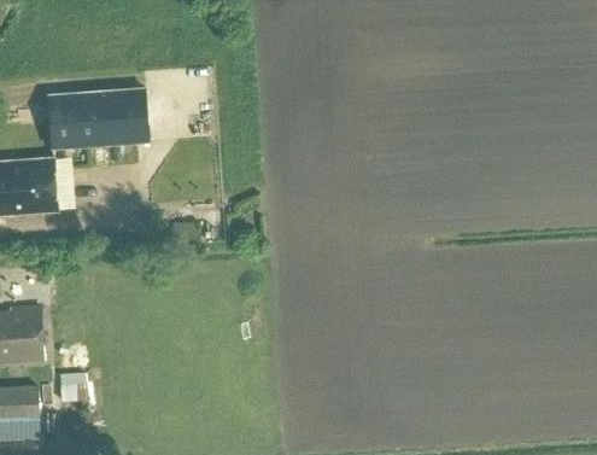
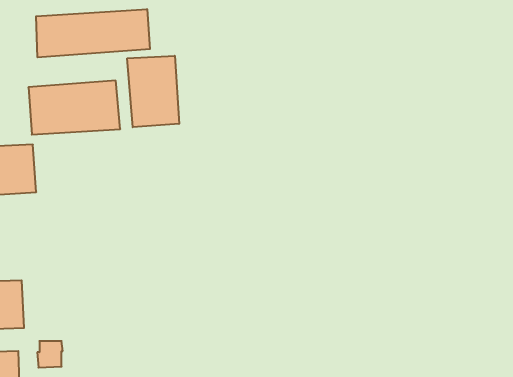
building: none -> [36,9,150,57]
building: none -> [127,56,179,127]

